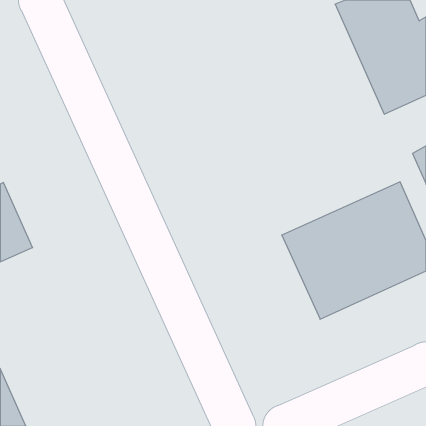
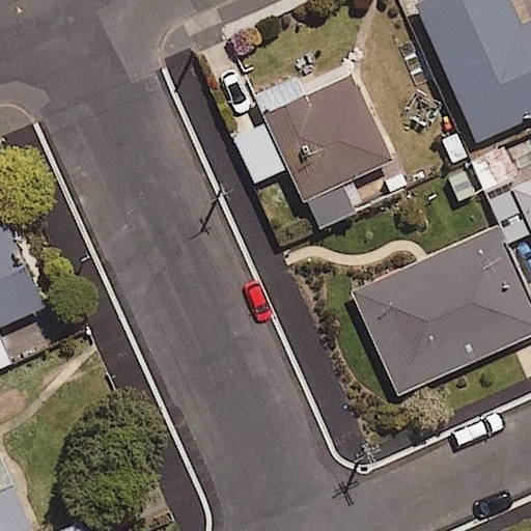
building: none -> [263,75,391,202]

